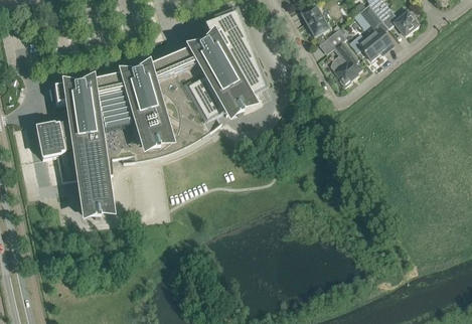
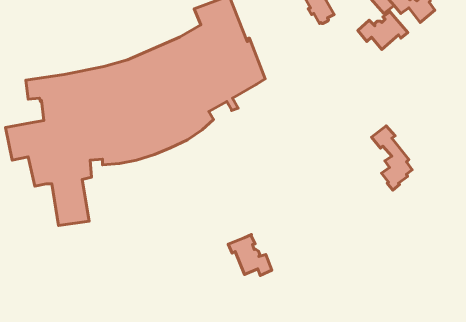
building: [325,26,361,84] -> [371,126,412,190]
building: none -> [228,235,272,276]

